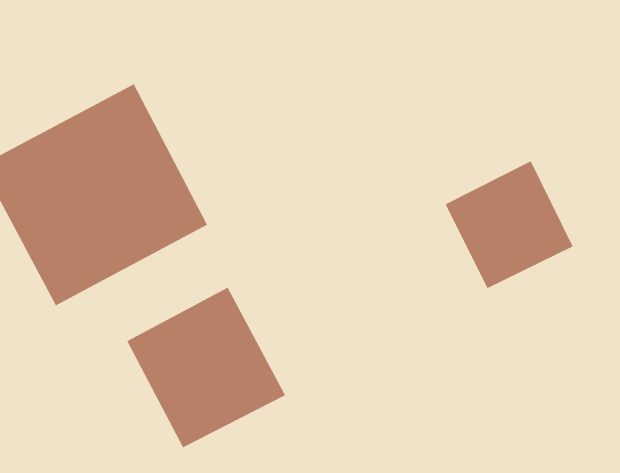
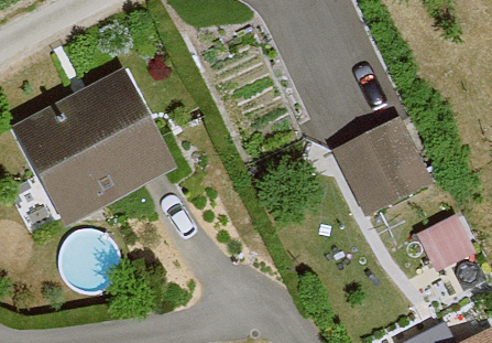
building: [127,287,286,448] -> none

